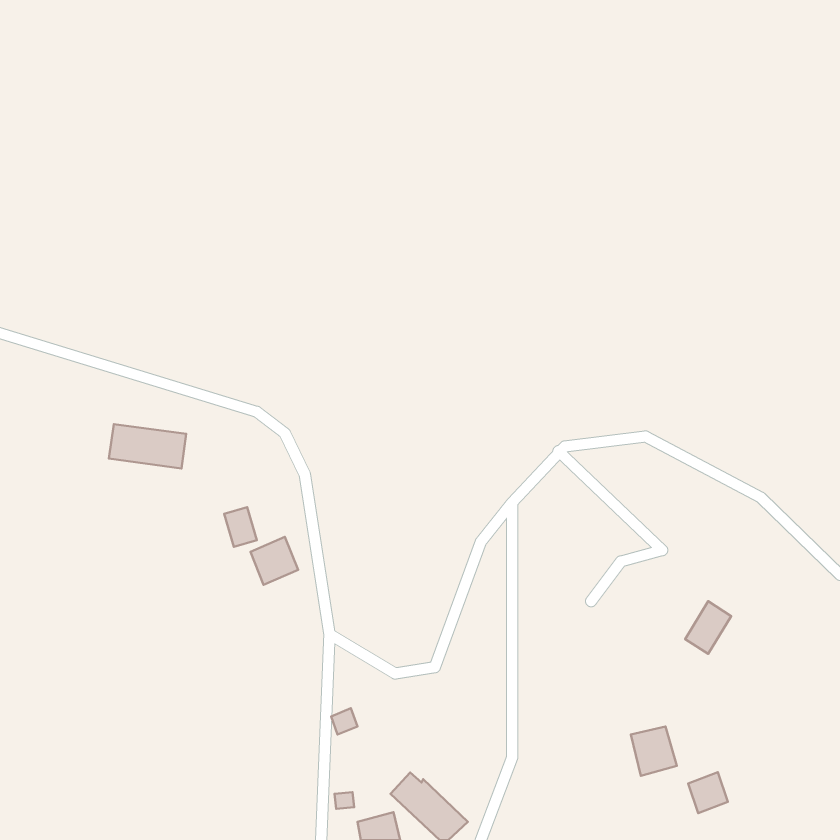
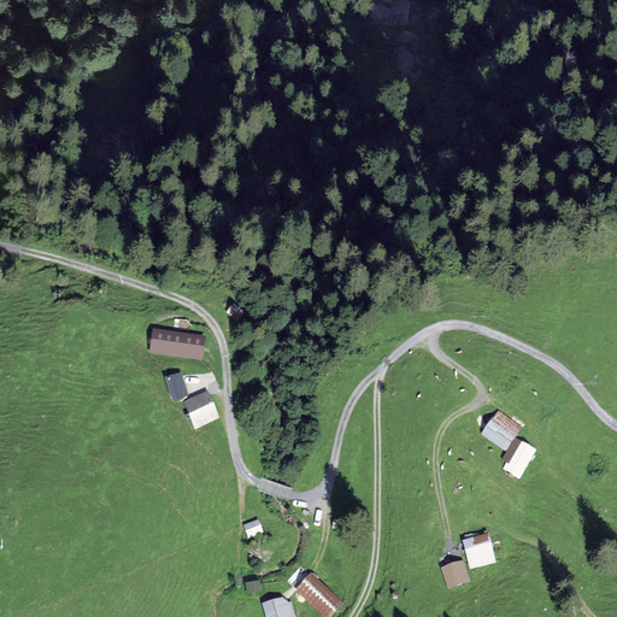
building: [109,424,186,469] -> [148,328,205,360]
building: none -> [481,410,521,449]
building: [688,772,728,813] -> [440,558,469,588]

